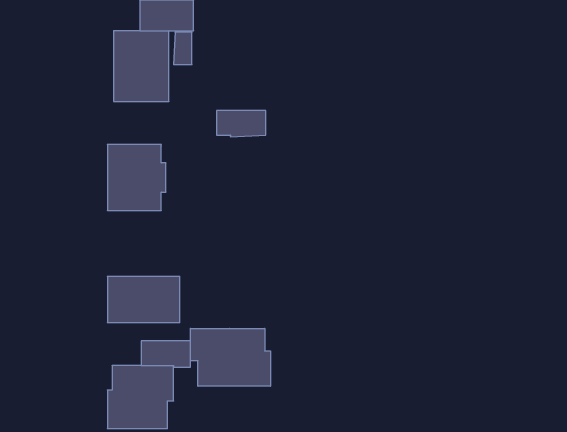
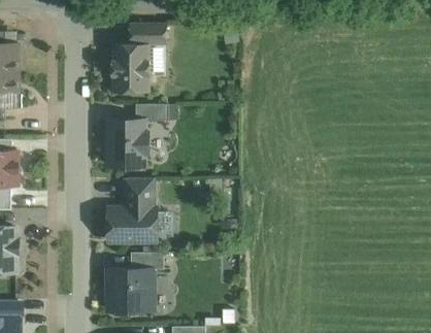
building: [217,111,266,137] -> [134,104,167,122]
building: none -> [124,178,153,209]
building: [190,328,270,386] -> none

